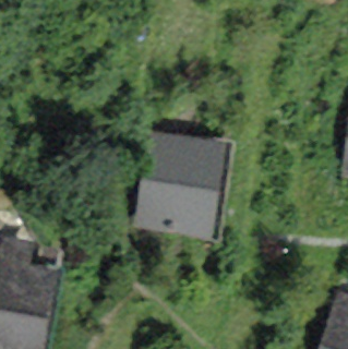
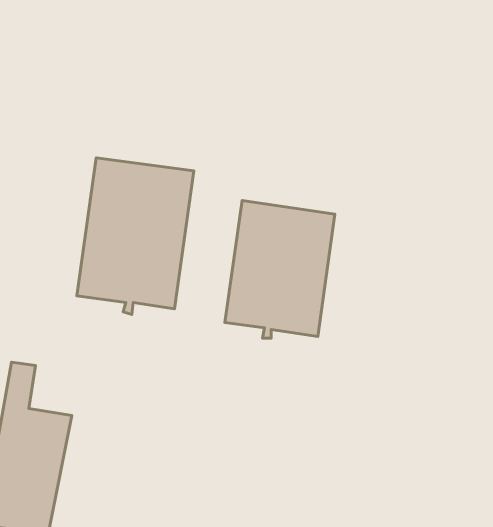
building: none -> [77,158,194,314]

